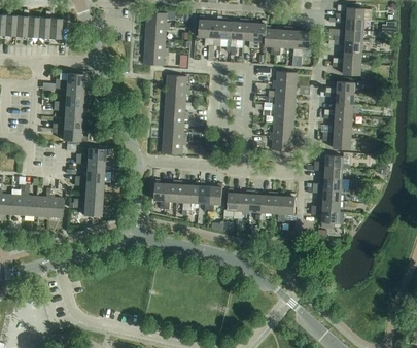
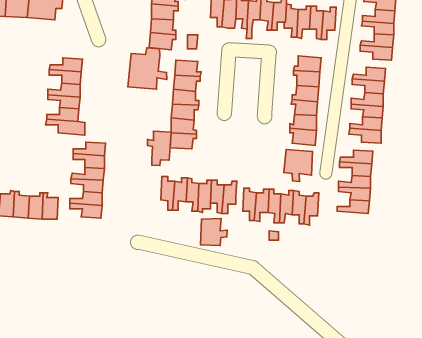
building: none -> [128,48,167,89]
building: none -> [147,131,171,165]
building: none -> [284,149,312,182]
building: [311,210,345,229] -> none
building: none -> [200,219,227,246]

